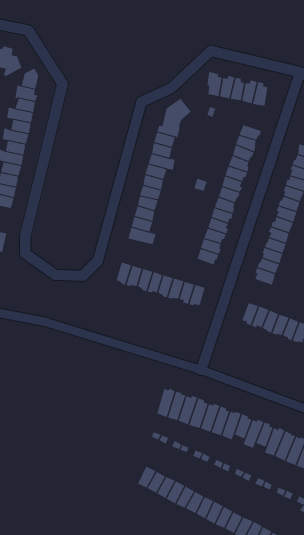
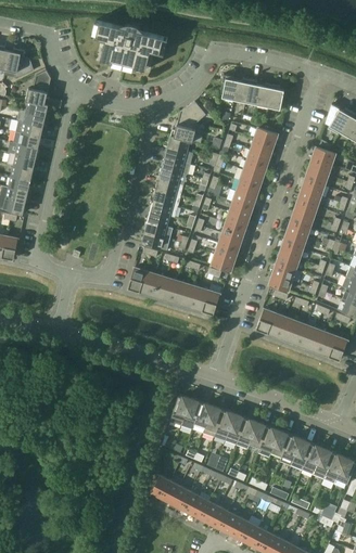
building: none -> [92,21,168,68]

